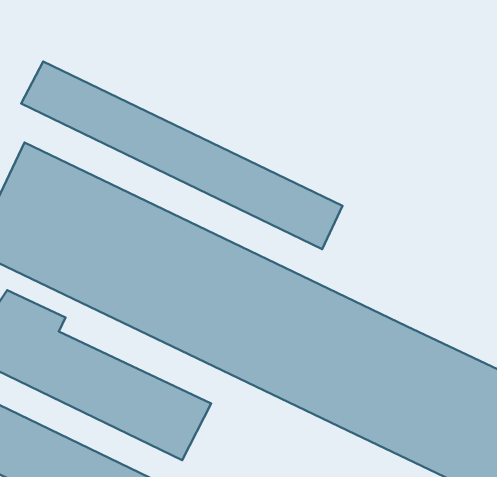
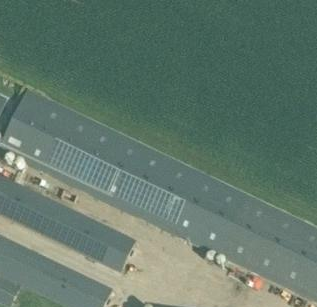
building: [21,62,343,249] -> none

